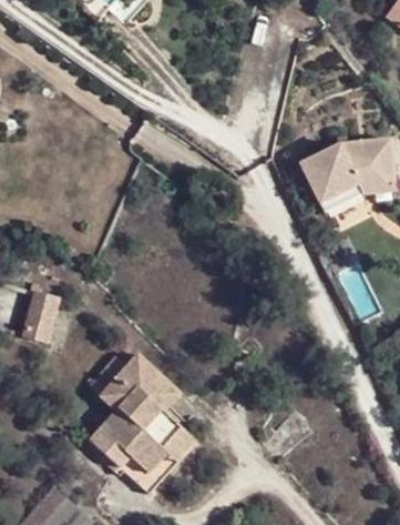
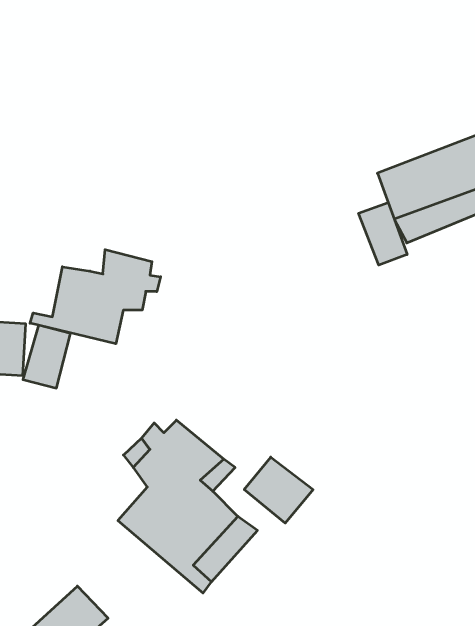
building: none -> [359,203,407,265]
building: none -> [30,250,161,344]
building: none -> [244,457,313,523]

